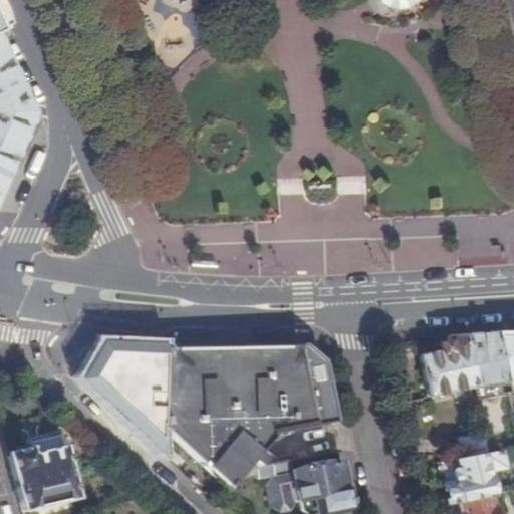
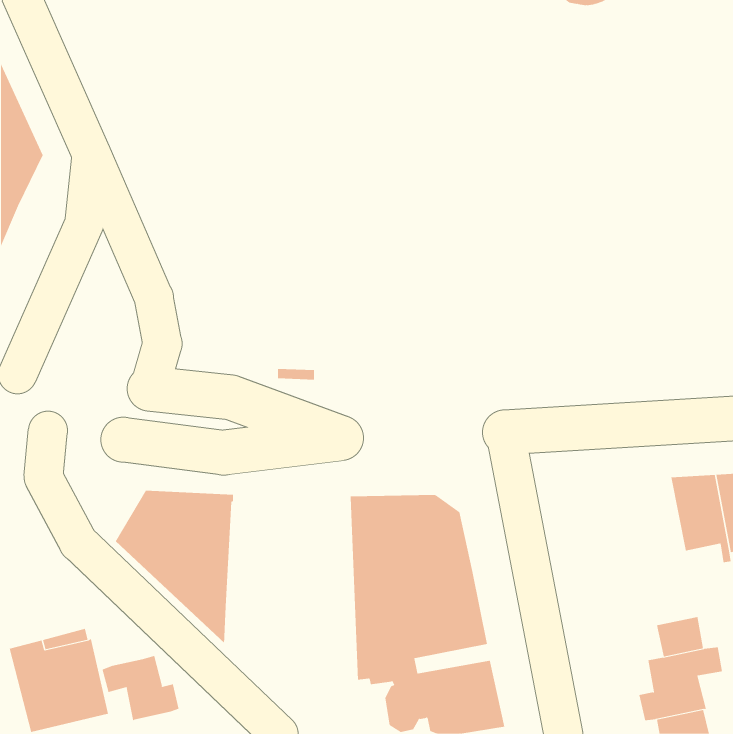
building: [423,330,480,392] -> none
building: [163,344,253,484] -> none
building: none -> [102,655,179,721]

